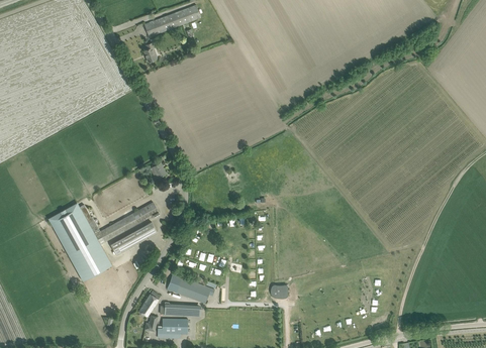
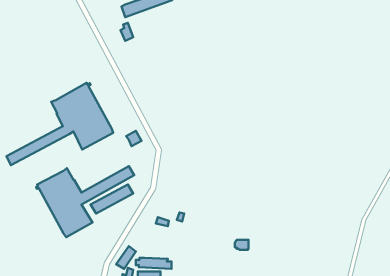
building: none -> [7,83,113,165]
building: [166,274,213,304] -> none

